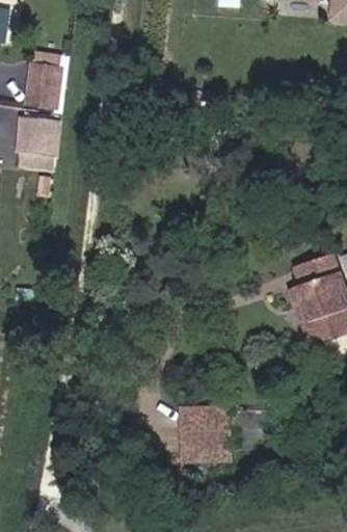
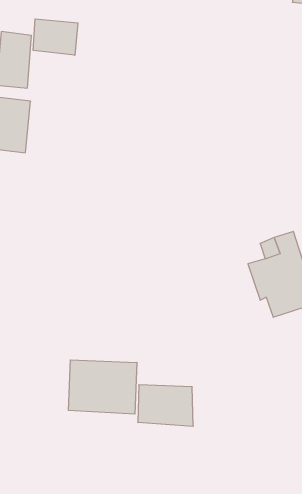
building: none -> [33,19,78,55]
building: none -> [69,360,137,414]

